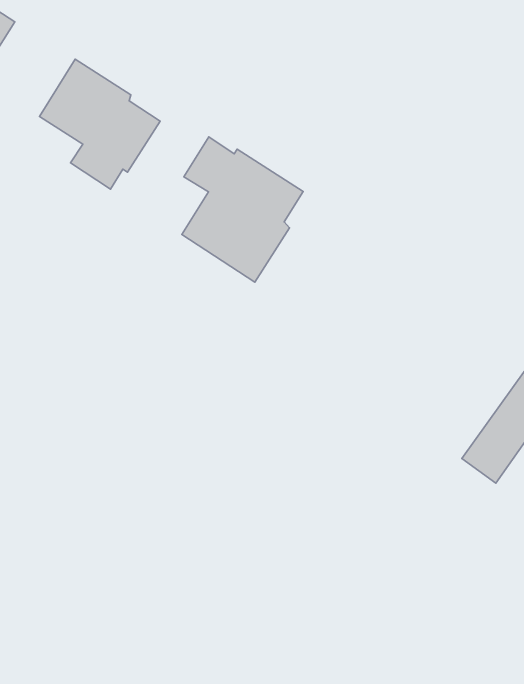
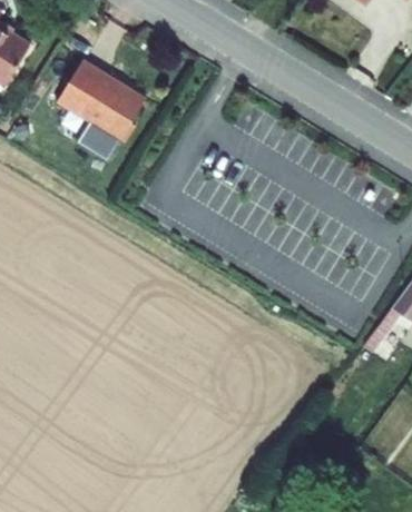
building: [182,137,303,282] -> none

